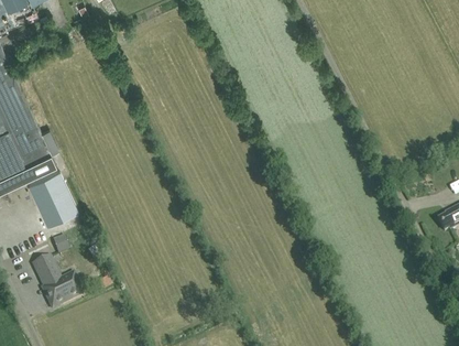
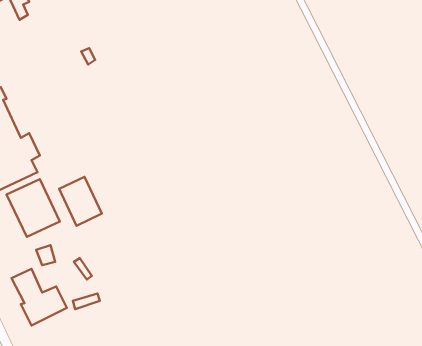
building: none -> [59,177,102,226]

